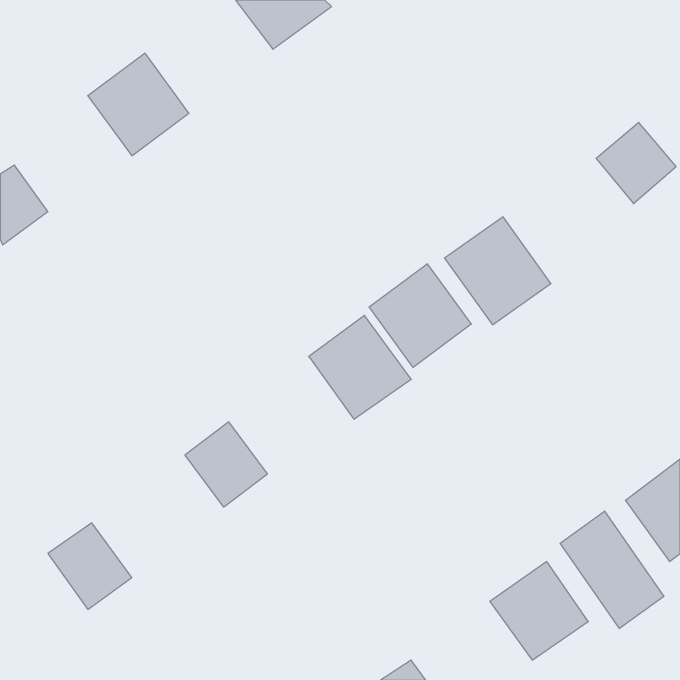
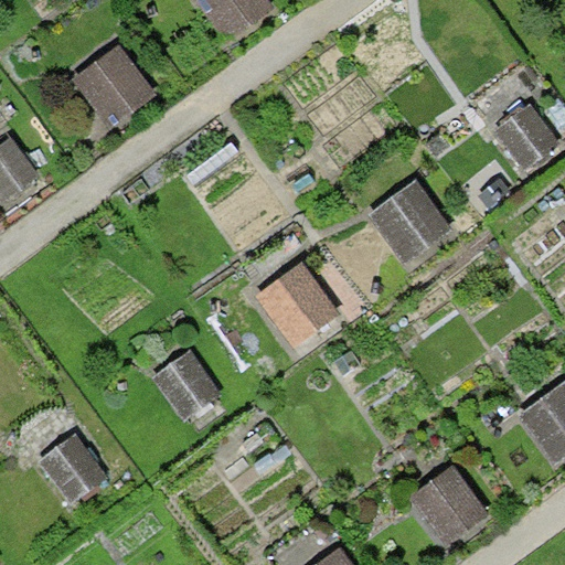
building: [369,264,471,367] -> none
building: [560,511,664,629] -> none

